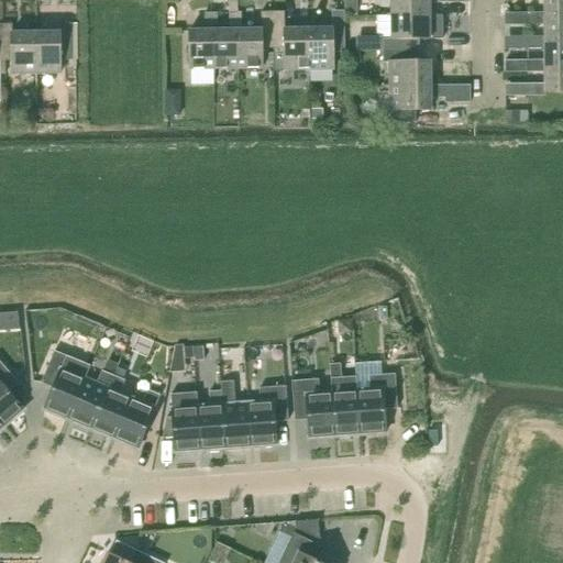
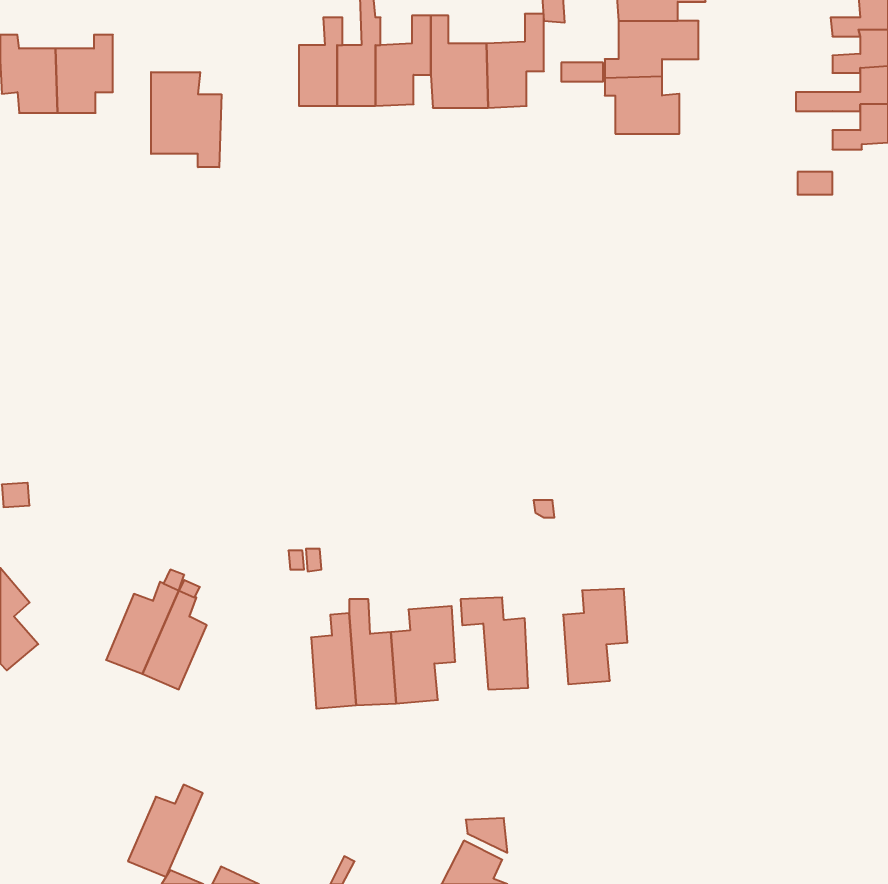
building: none -> [151,72,221,167]
building: [389,84,471,121] -> none
building: [41,349,90,418] -> none
building: [330,363,360,435] -> none
building: [113,388,161,446] -> [128,785,203,877]
building: [163,390,200,451] -> none

